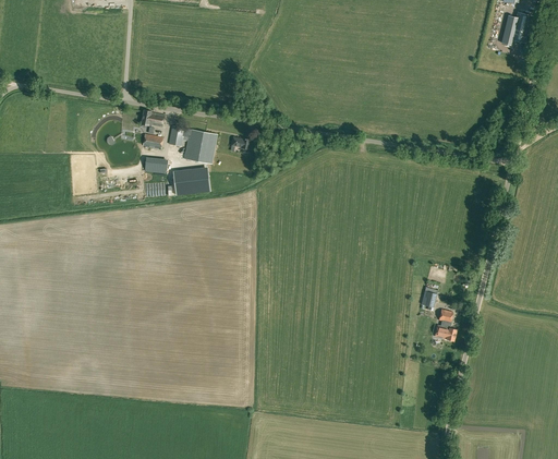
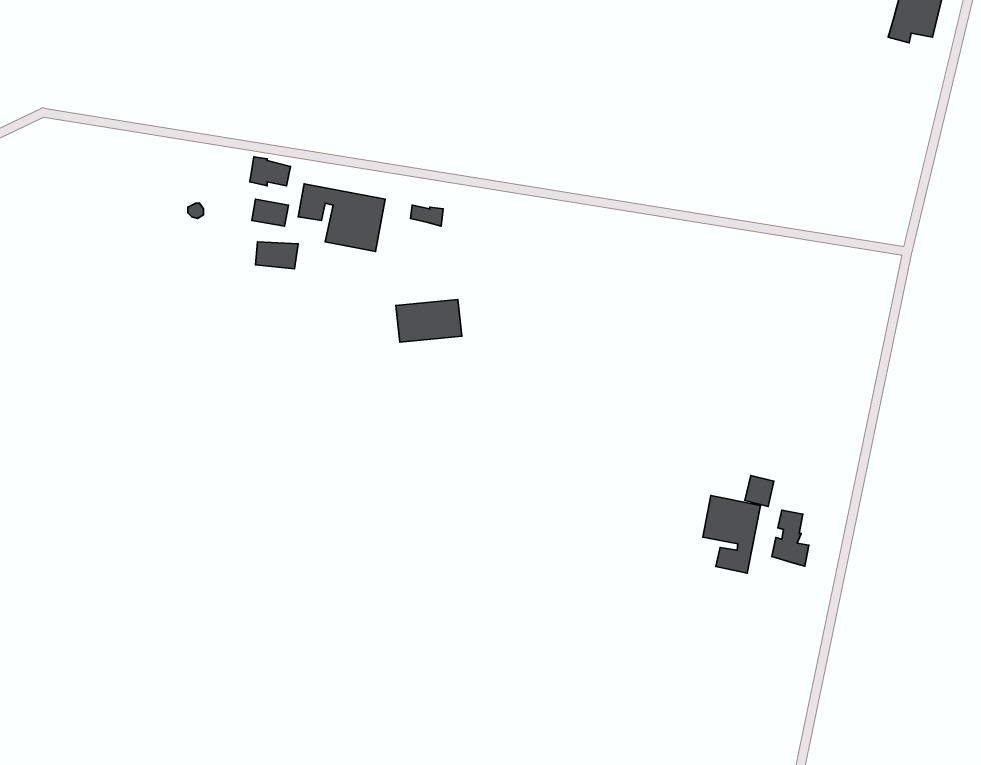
building: [174,170,211,194] -> [396,300,462,342]
building: none -> [703,495,761,573]

